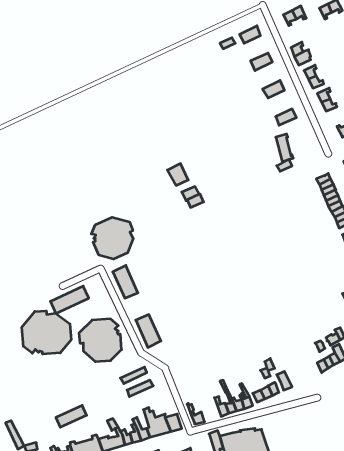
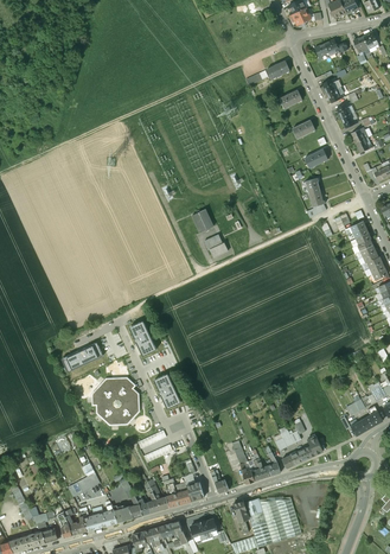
building: [91,217,133,259] -> none
building: [22,311,71,354] -> none

